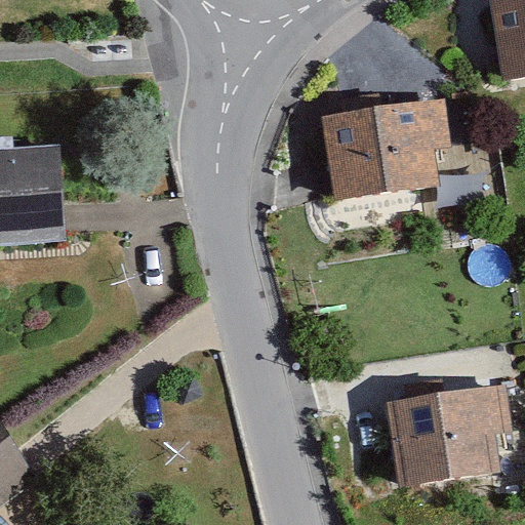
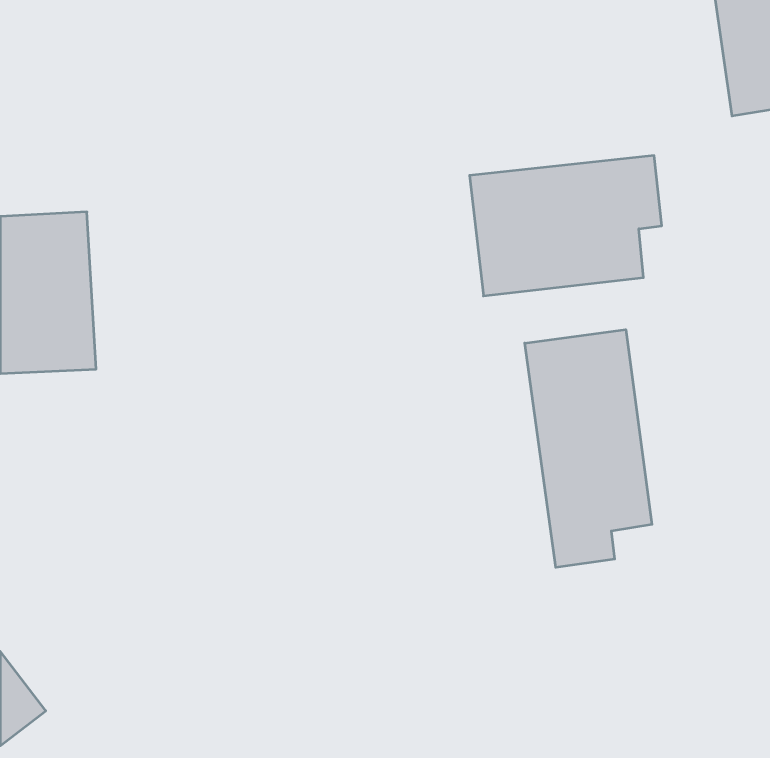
building: none -> [525,330,652,567]
building: [375,378,520,484] -> none

